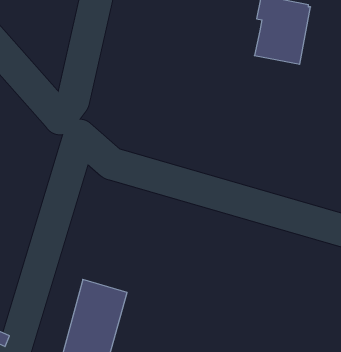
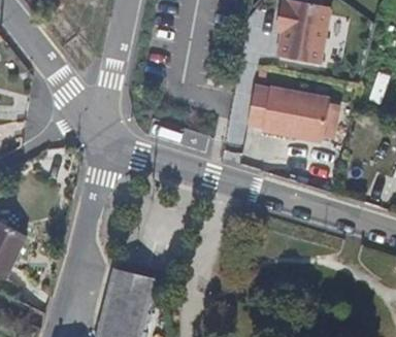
building: none -> [248,83,329,138]

